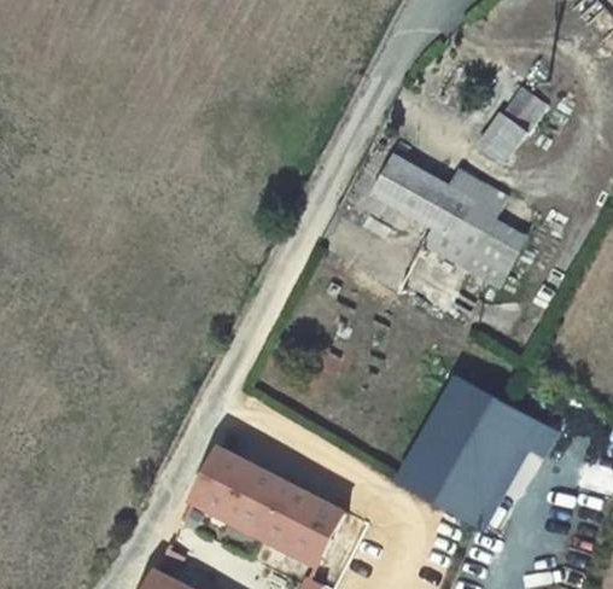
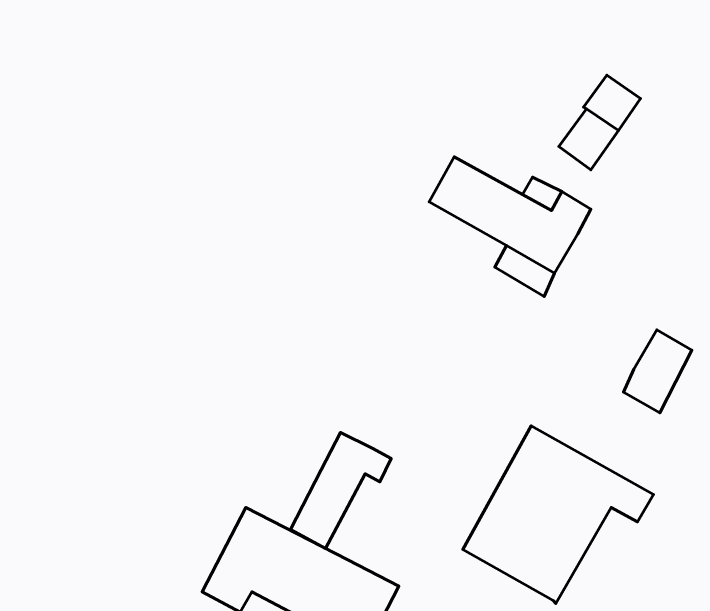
building: [466,218,522,287] -> [624,330,692,413]
building: none -> [290,432,391,548]

